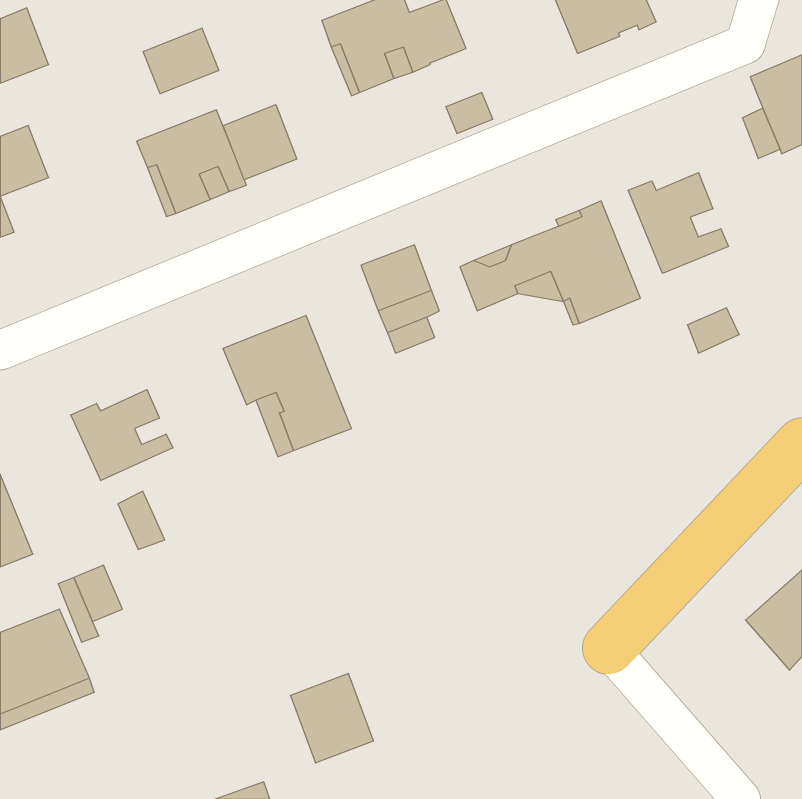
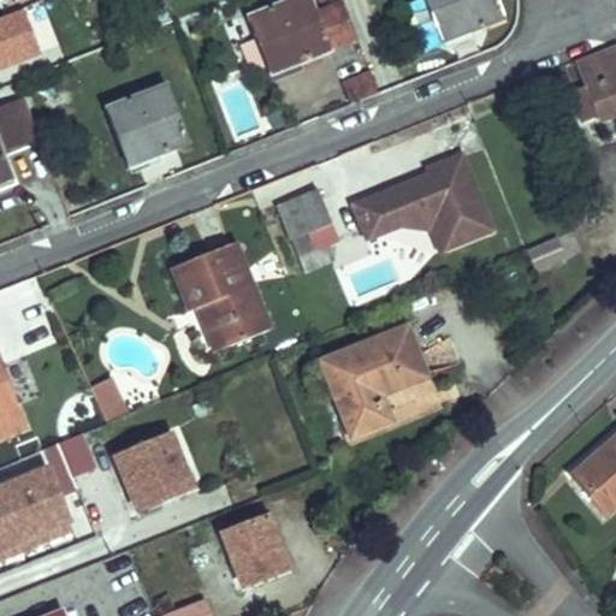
building: [143,28,219,94] -> none
building: [223,105,297,180] -> none
building: [628,173,728,273] -> none
building: [71,390,173,481] -> none
building: none -> [321,326,425,433]
building: none -> [116,433,191,509]

